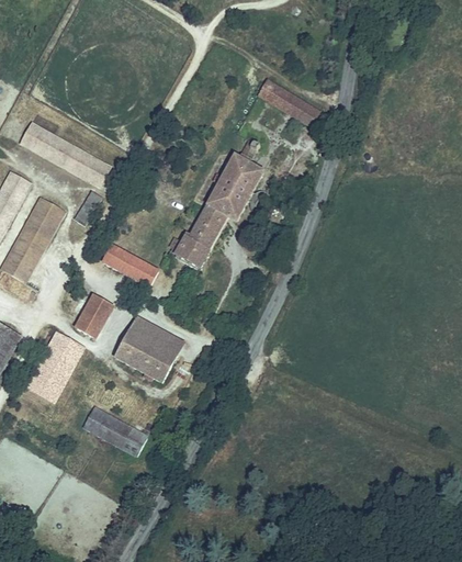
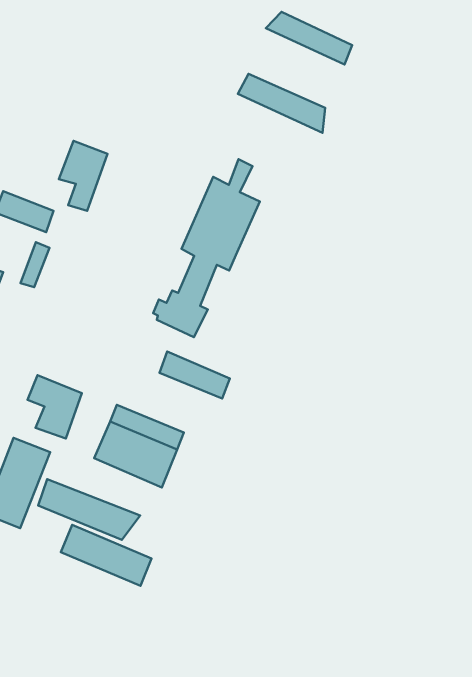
building: none -> [266,12,352,64]
building: none -> [59,141,107,211]
building: [104,245,157,285] -> [160,352,230,398]
building: none -> [38,479,140,540]

